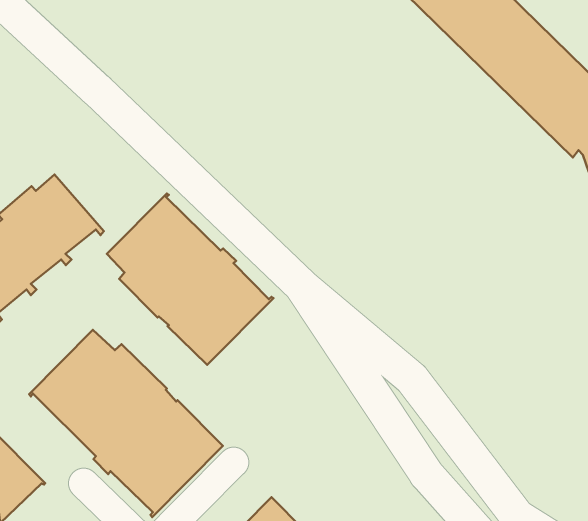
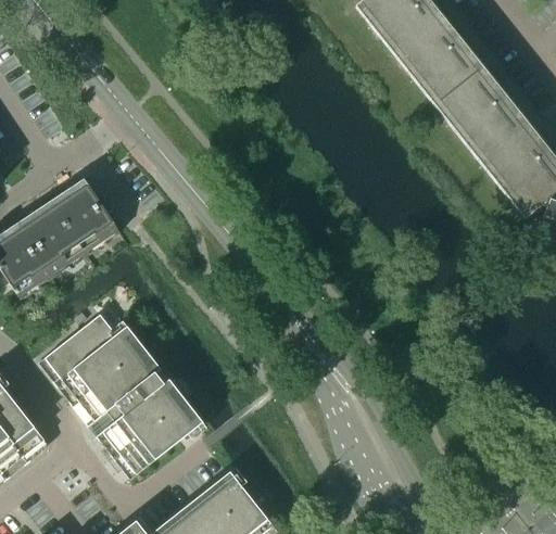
building: [107,194,274,365] -> none

